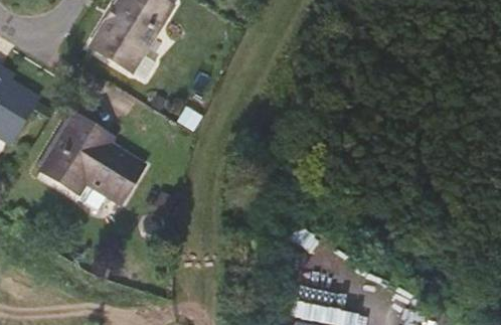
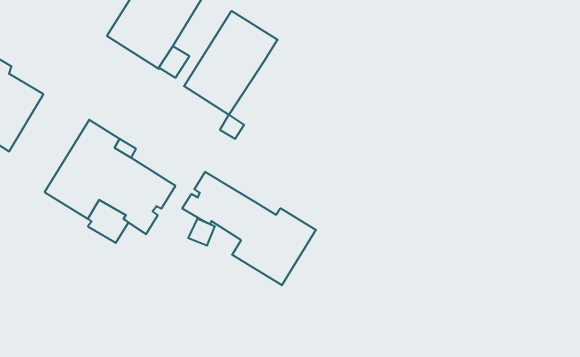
building: none -> [184,11,278,115]
building: none -> [182,172,316,285]

